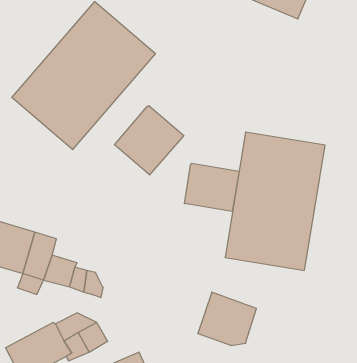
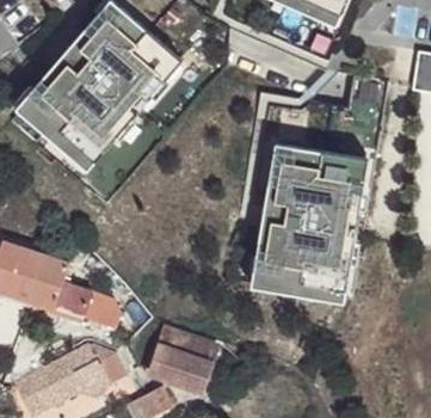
building: [115,106,184,175] -> none
building: [184,163,239,212] -> none
building: [198,292,256,345] -> [150,326,215,385]

